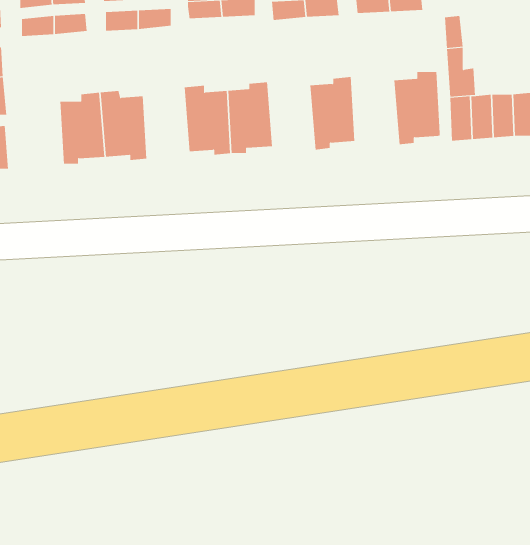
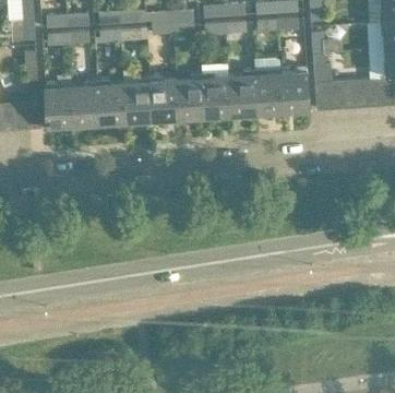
building: none -> [254,67,284,110]
building: none -> [202,70,231,114]
building: none -> [124,74,153,119]
building: none -> [45,81,74,123]

